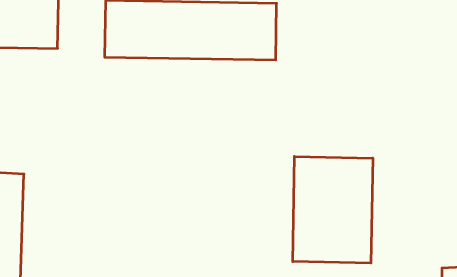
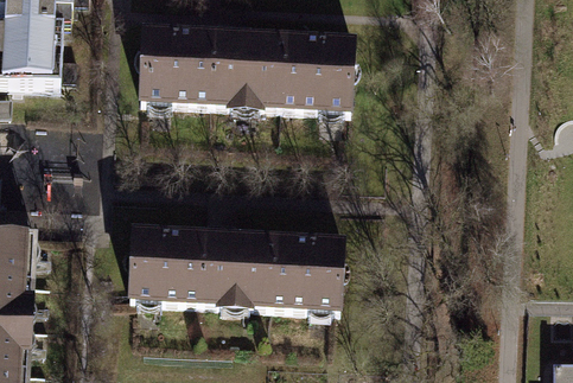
building: [293,156,373,263] -> none
building: none -> [127,232,339,306]

